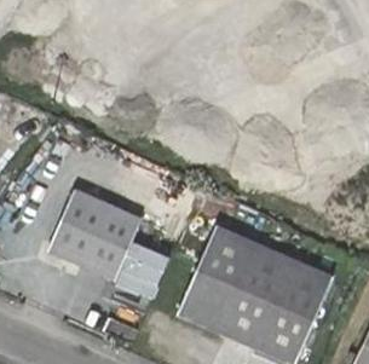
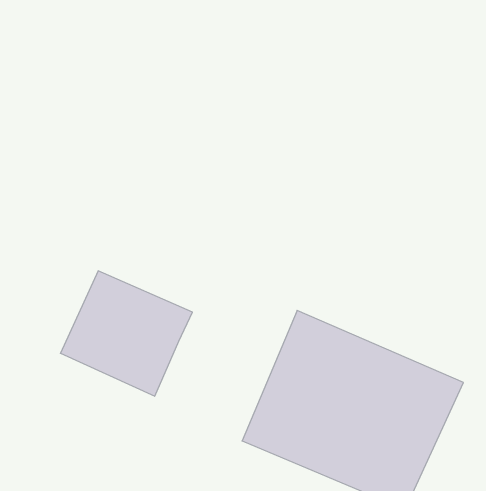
building: [114,244,167,299] -> none

